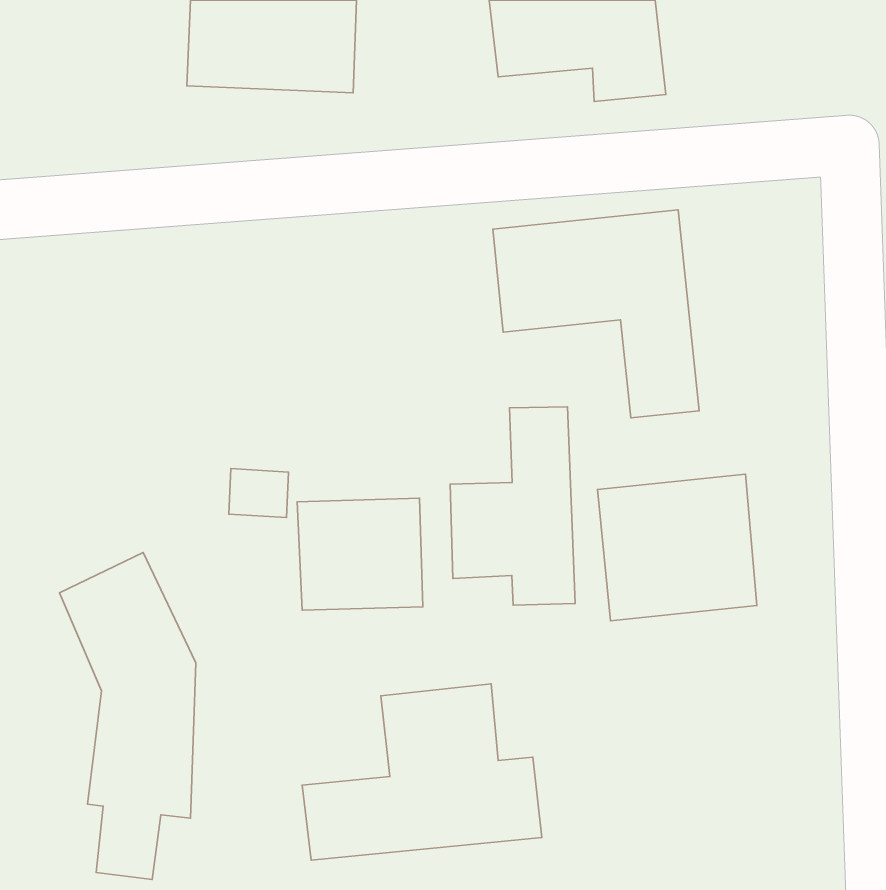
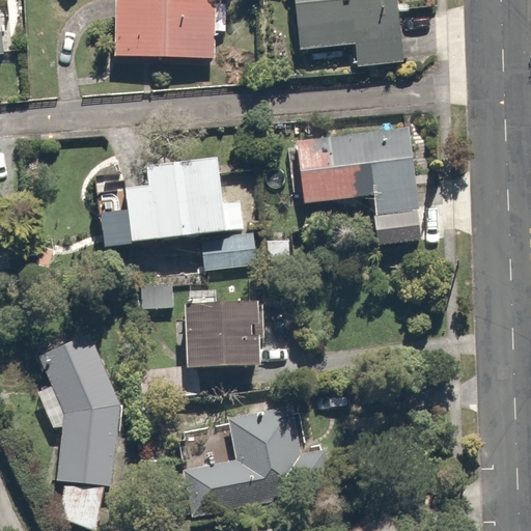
building: none -> [122,151,246,272]
building: [450,407,575,605] -> none
building: [597,474,757,621] -> none

